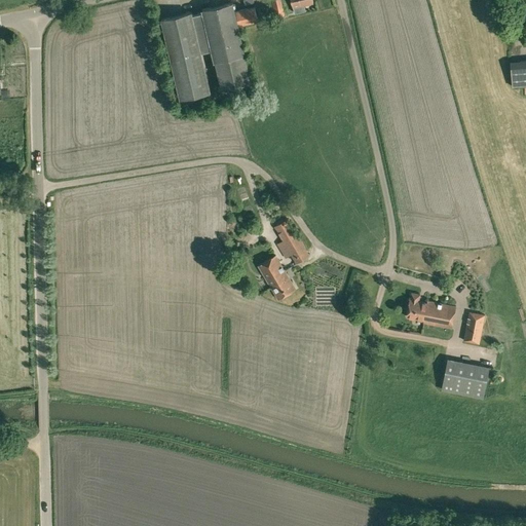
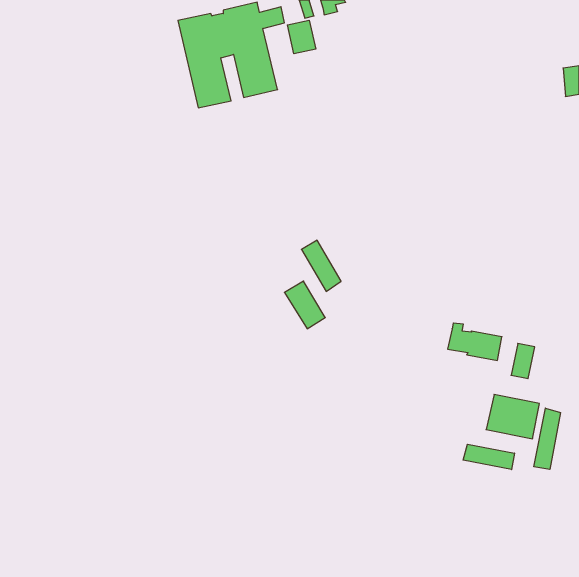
building: none -> [287,20,316,54]
building: none -> [534,408,560,469]
building: none -> [463,444,514,470]

